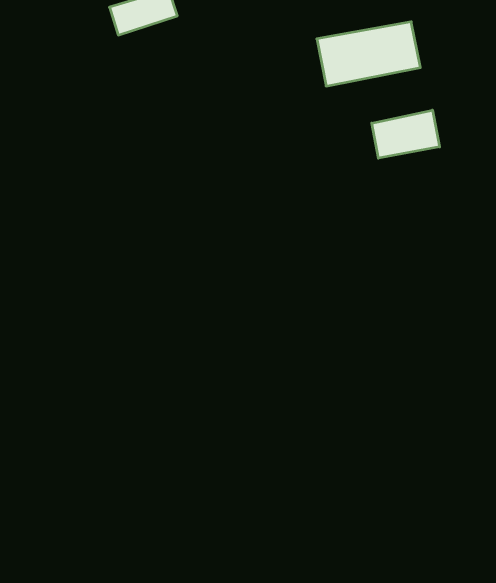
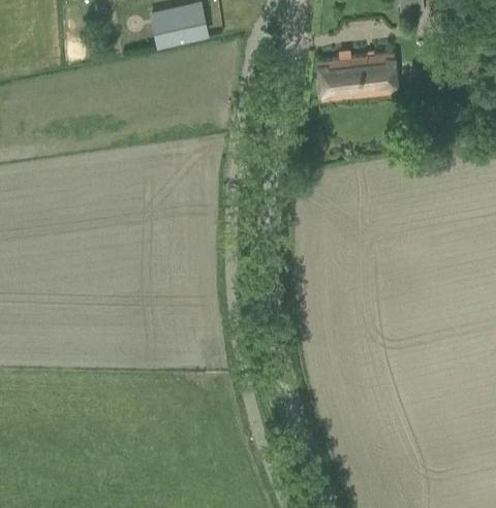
building: [372,110,440,158] -> none

